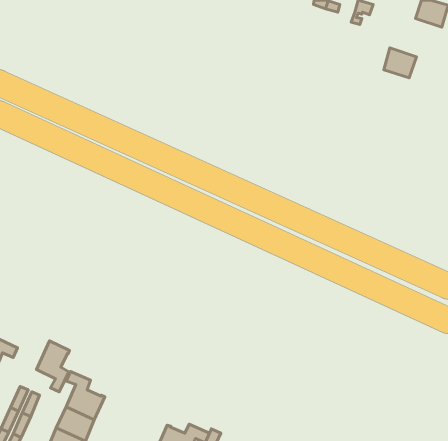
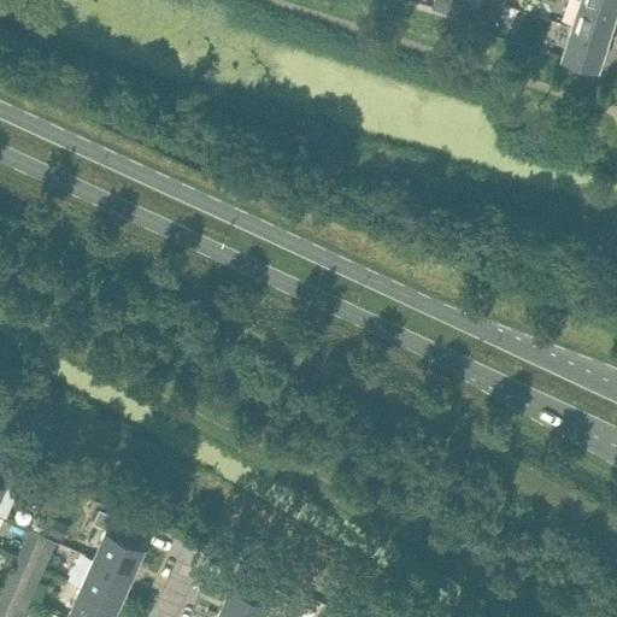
building: [384,48,416,78] -> [560,37,605,78]
building: [36,341,70,392] -> none

